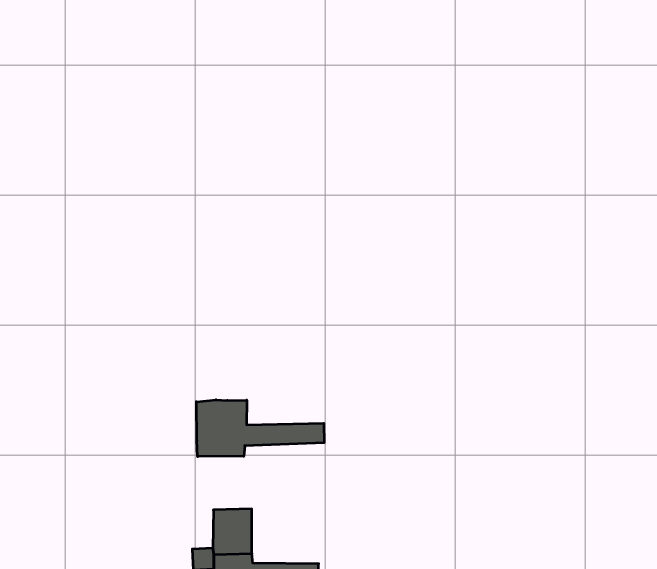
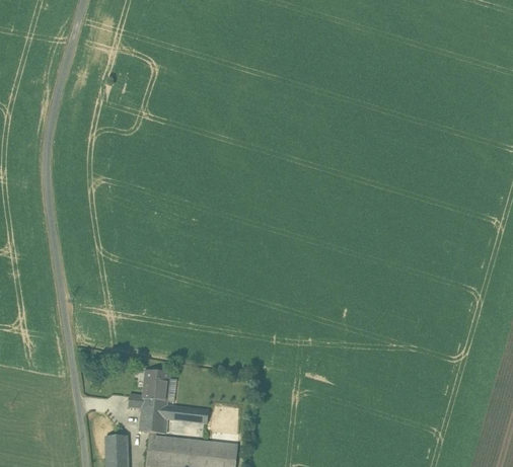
building: [196,400,324,457] -> none

